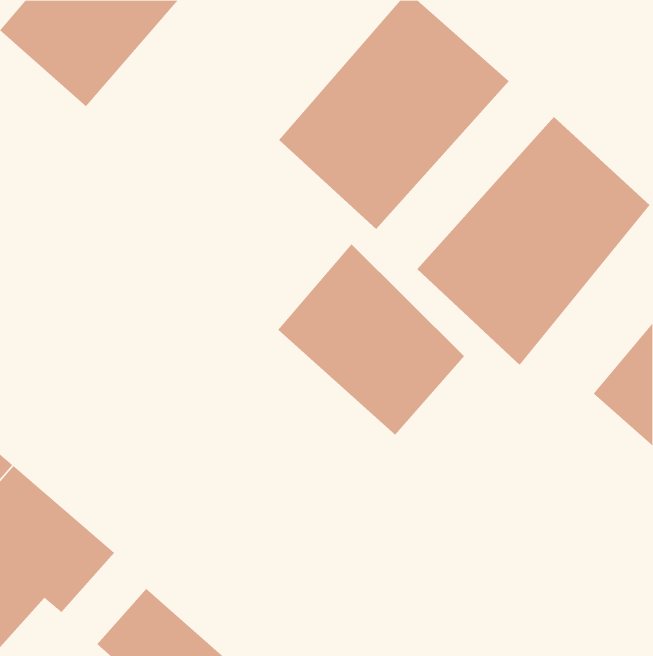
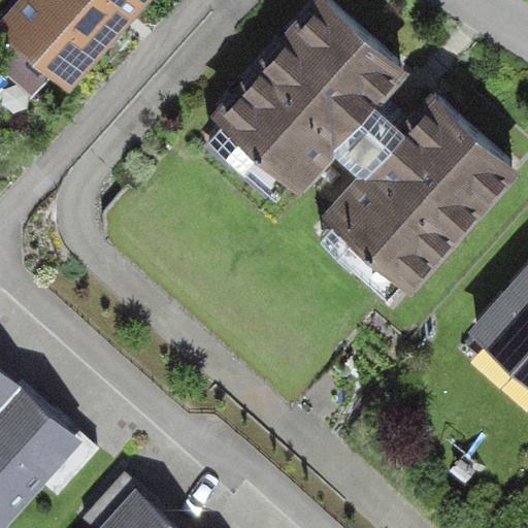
building: [277,244,465,436] -> none

